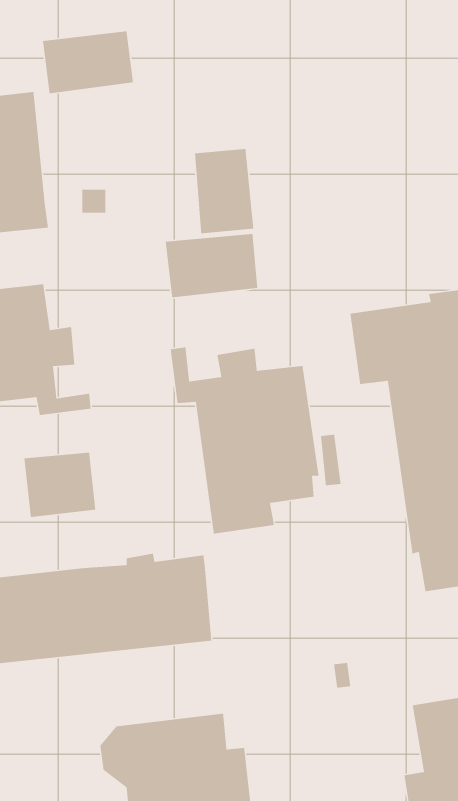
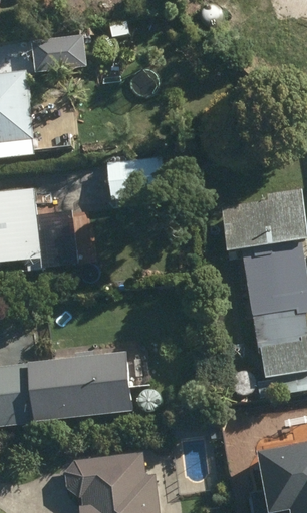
building: [194,148,254,234] -> none
building: [170,346,319,535] -> none
building: [24,452,96,518] -> none

